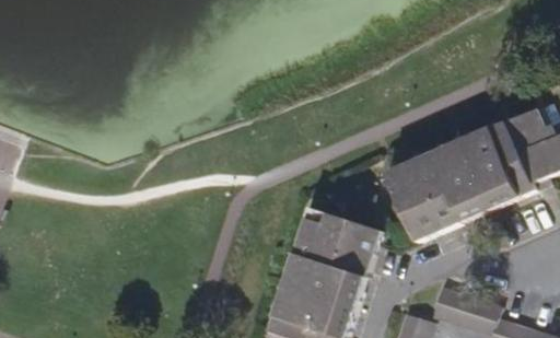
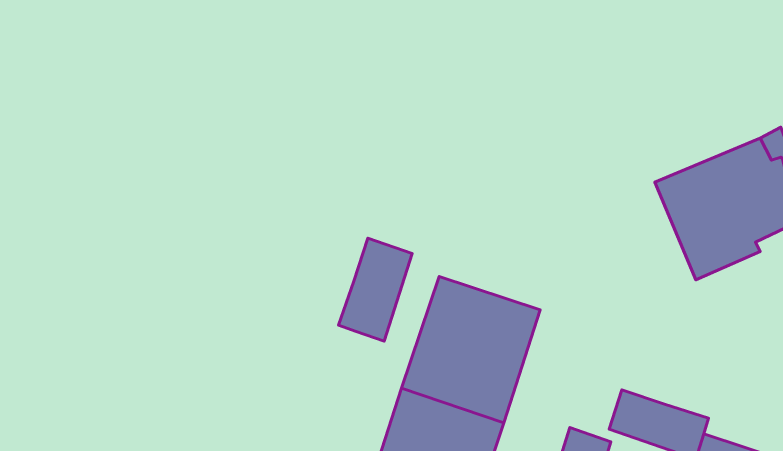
building: [386,142,489,242] -> none
building: none -> [339,238,412,341]

